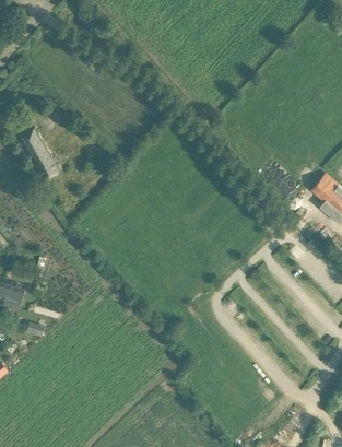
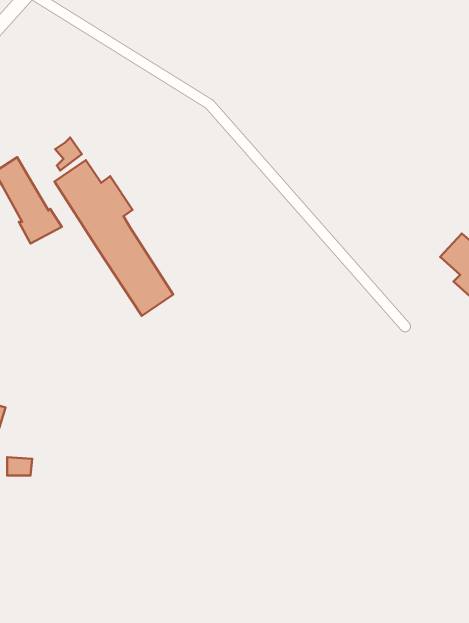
building: none -> [55,160,173,316]

